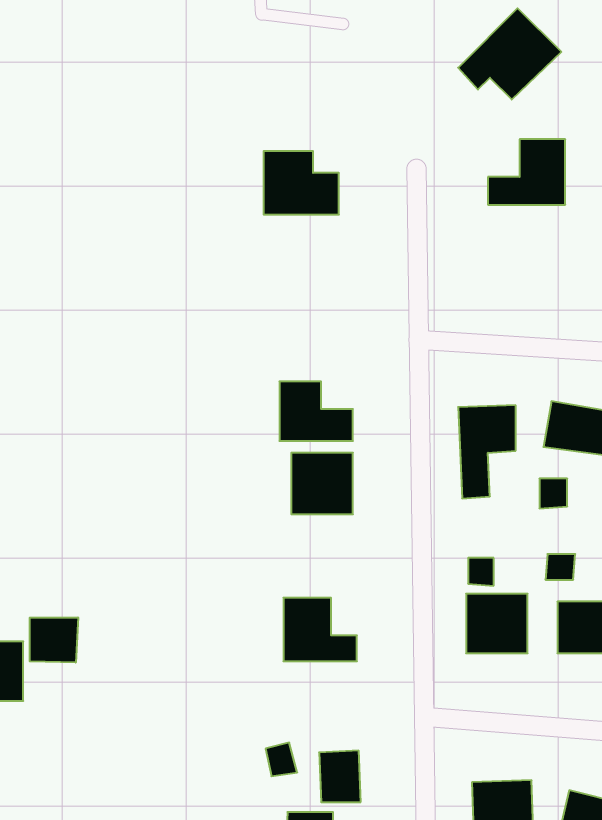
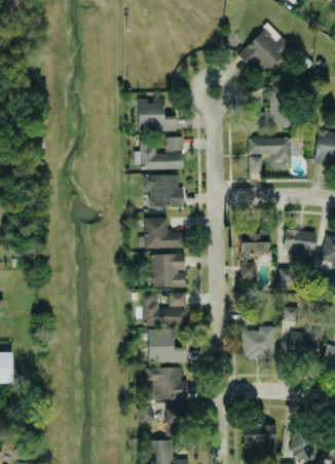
building: none -> [141,138,183,169]
building: none -> [248,139,299,173]
building: none -> [144,176,183,207]
building: none -> [143,294,186,324]
building: [30,617,78,663] -> none
building: none -> [147,368,187,399]

